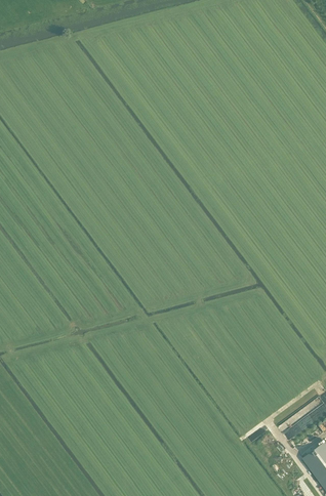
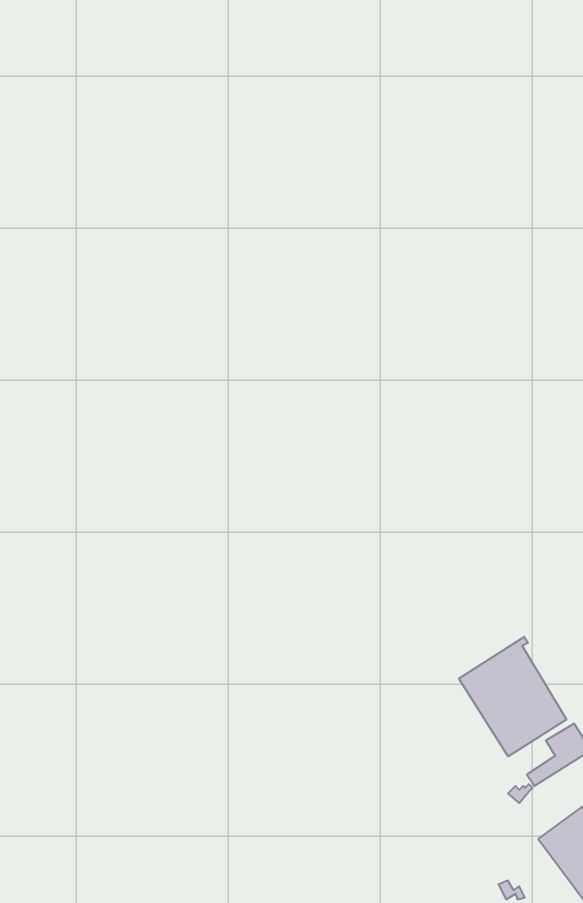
building: none -> [459,637,566,756]

